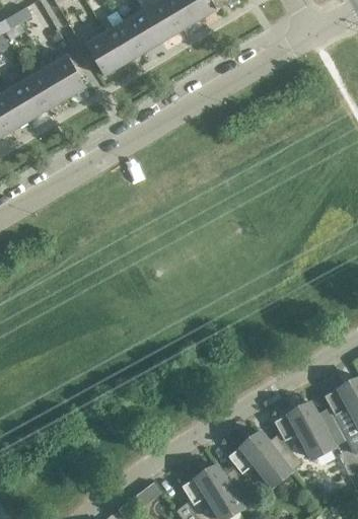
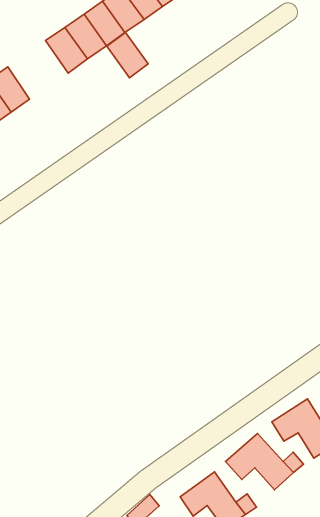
building: none -> [107,32,148,78]
building: [48,54,86,97] -> none

